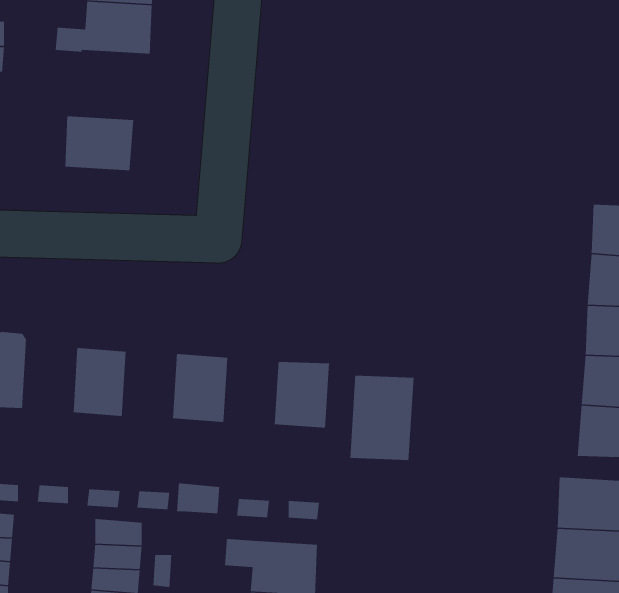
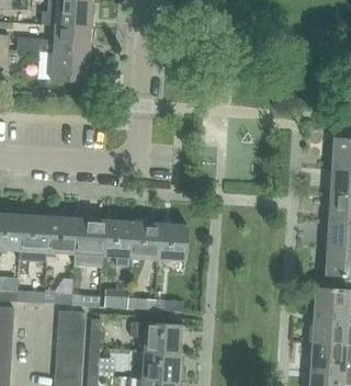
building: [65,115,134,171] -> [50,53,89,83]
building: none -> [19,209,48,261]
building: none -> [73,218,103,256]
building: none -> [129,222,159,259]
building: [350,375,414,461] -> none

